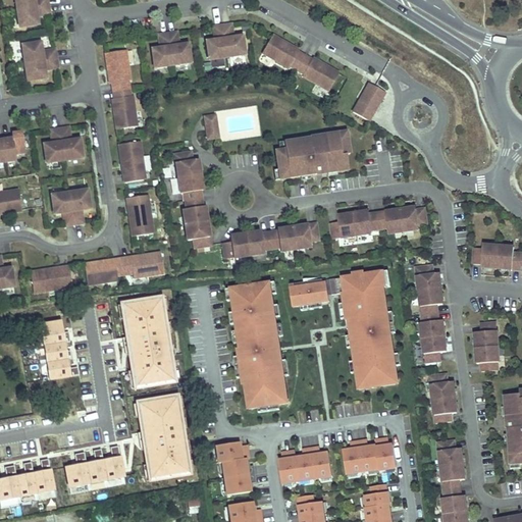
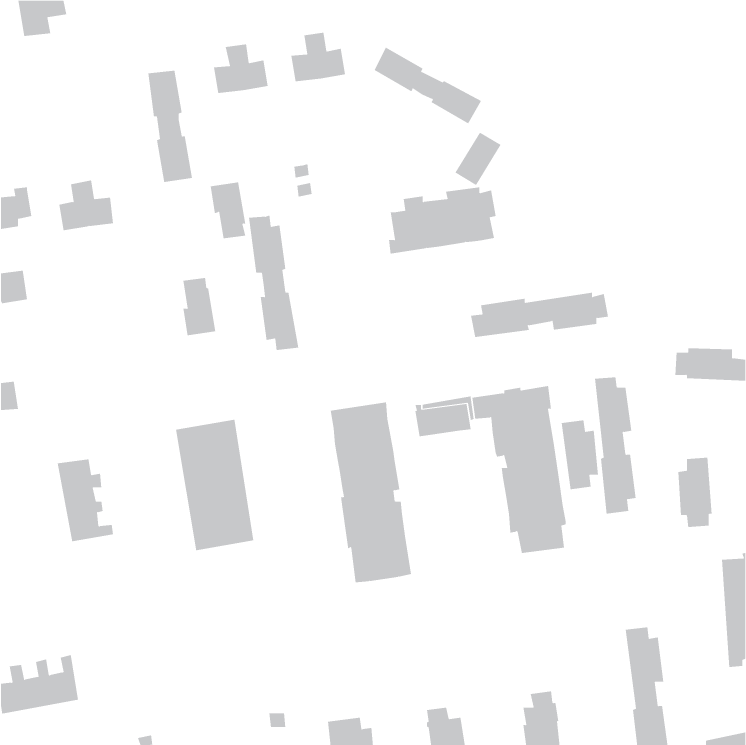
building: [19,42,55,81] -> none
building: [352,84,384,121] -> [455,132,501,186]
building: [116,141,142,180] -> [210,182,246,239]
building: [49,190,88,225] -> none
building: [220,222,316,257] -> none
building: [83,252,161,281] -> none
building: [29,265,69,292] -> none
building: [428,372,455,421] -> [561,420,599,490]
building: [139,395,193,478] -> none
building: [343,438,397,473] -> none
building: [215,441,256,494] -> none
building: [67,445,125,486] -> none
building: [278,447,332,482] -> none

